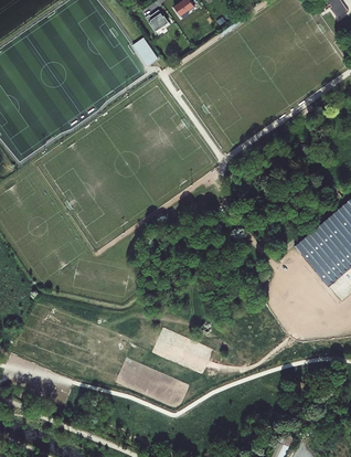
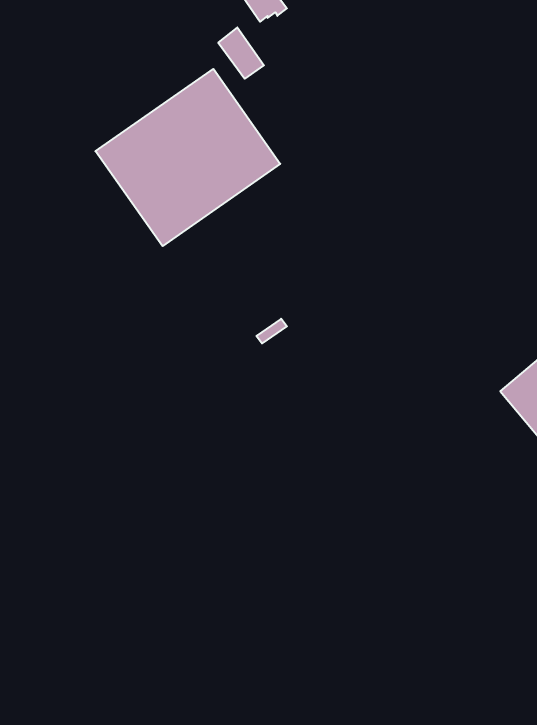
building: none -> [95,69,280,246]

